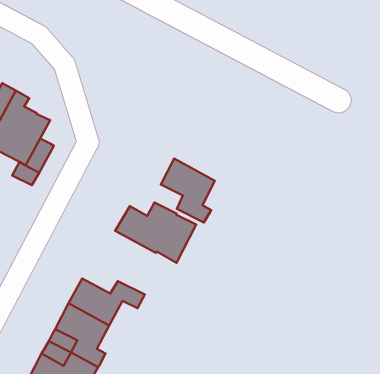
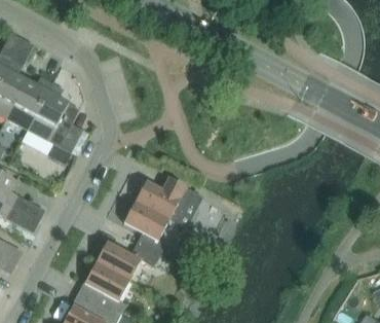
building: [161,159,215,223] -> [123,201,168,254]

